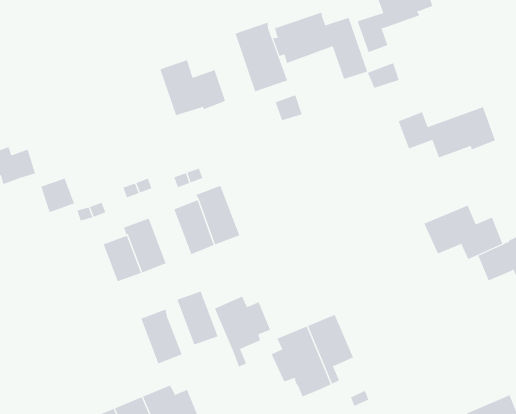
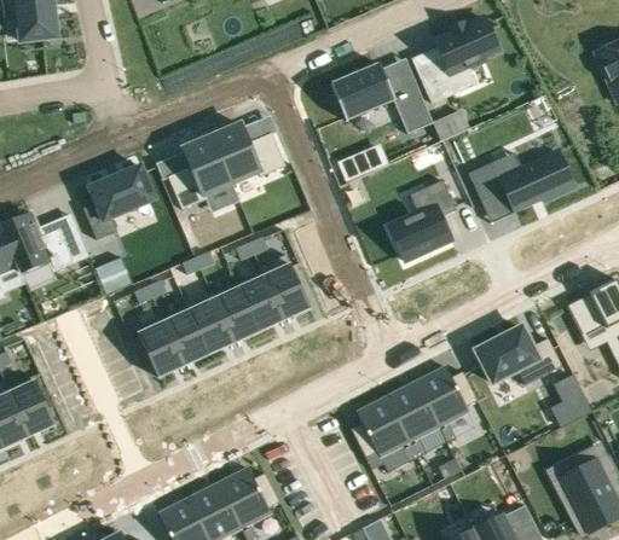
building: [235,22,288,92] -> none
building: none -> [168,135,233,209]
building: none -> [83,166,155,238]
building: none -> [388,179,455,261]
building: [424,205,503,260] -> [476,327,562,385]
building: [177,291,219,345] -> [213,283,260,341]
building: [214,296,271,367] -> [417,366,479,442]
building: [140,309,182,364] -> [137,317,184,376]
building: none -> [542,371,590,428]

